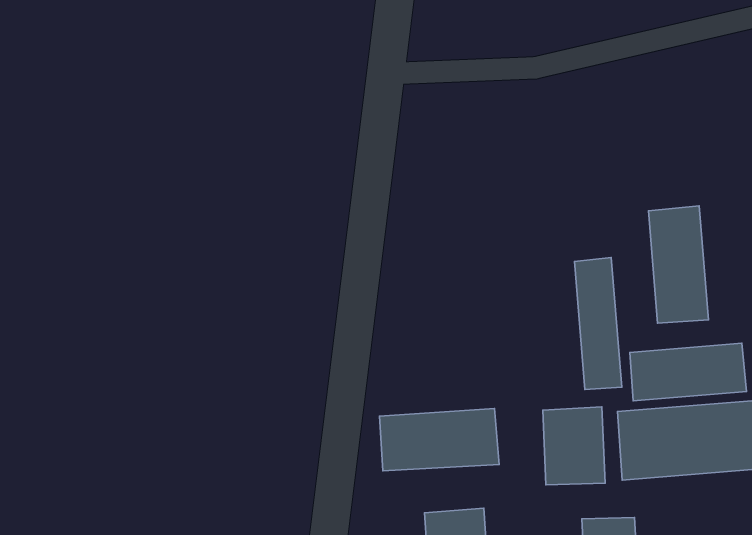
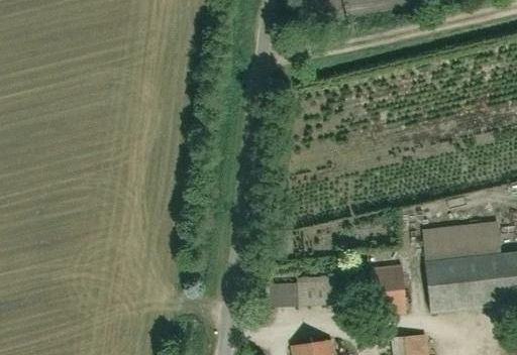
building: [648,206,709,323] -> none
building: [574,258,622,390] -> none

